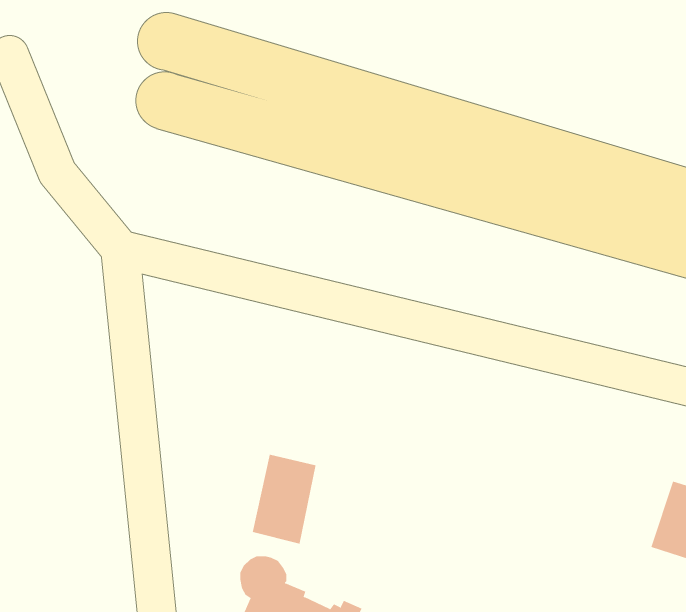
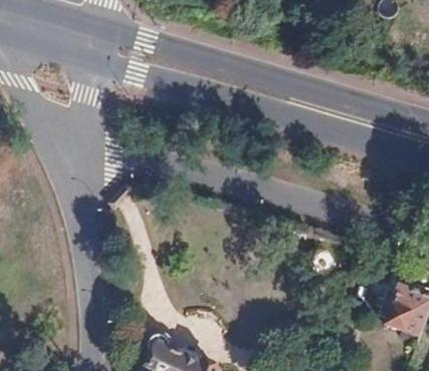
building: [252,454,316,544] -> none

